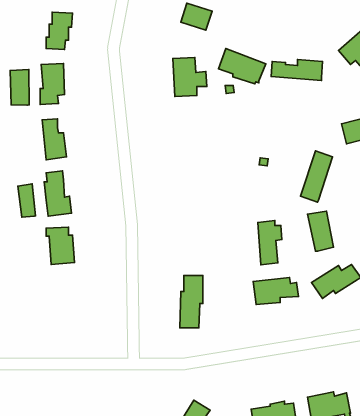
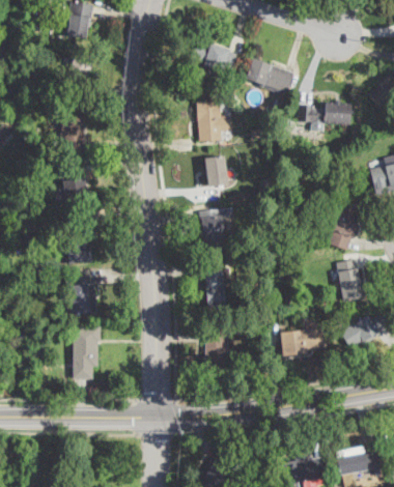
building: [219,49,266,84] -> [246,58,294,94]
building: [10,69,29,105] -> none
building: none -> [204,156,228,188]
building: none -> [199,207,233,254]
building: [18,184,36,217] -> none
building: [258,221,282,265] -> [205,263,230,309]
building: none -> [73,327,97,379]

